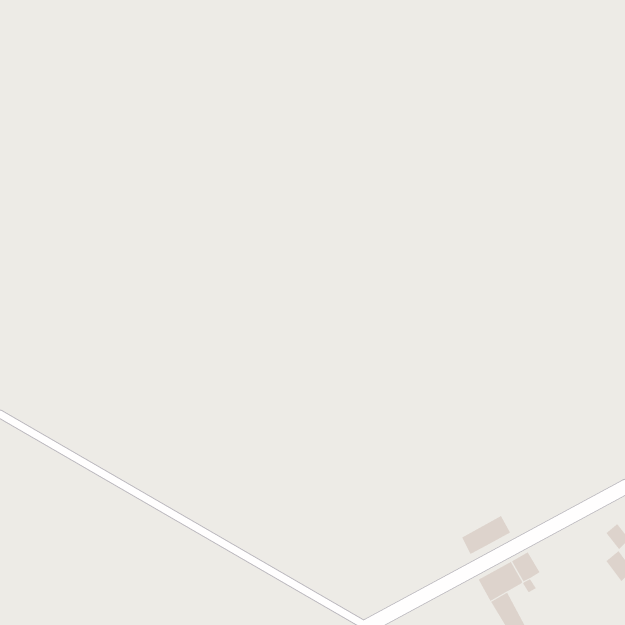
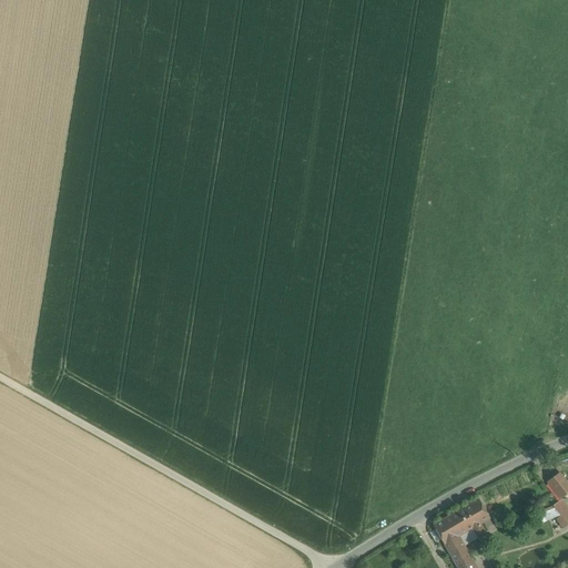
building: [462,515,511,554] -> none

